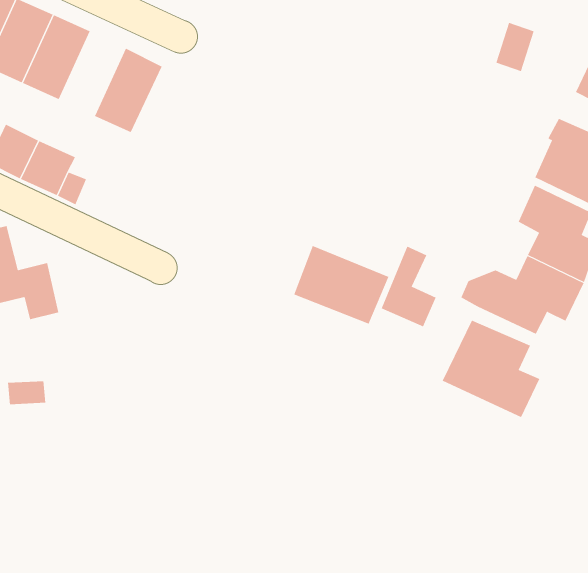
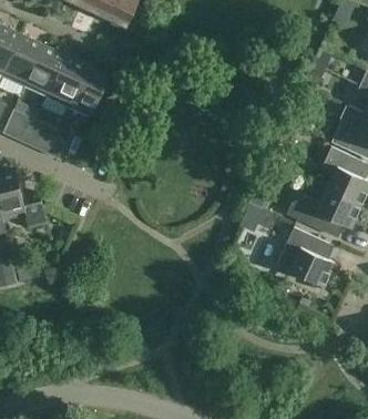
building: none -> [47,54,86,105]
building: [294,245,389,325] -> none

